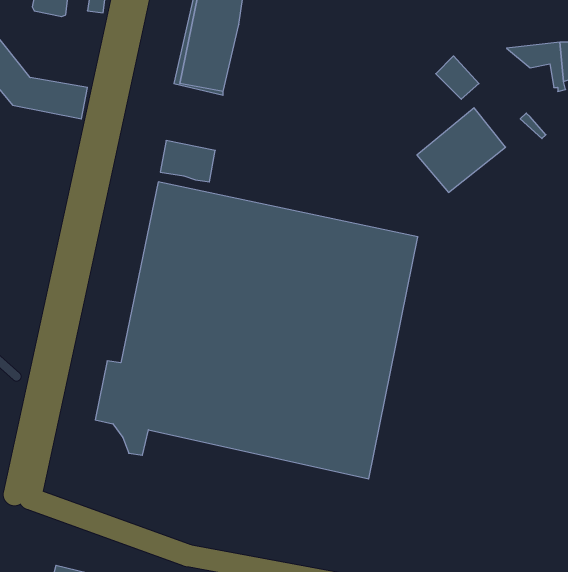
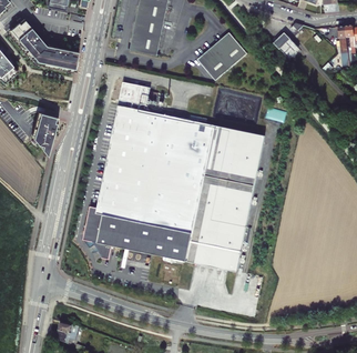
building: [417,108,506,192] -> [194,33,244,81]
building: none -> [33,113,58,155]

